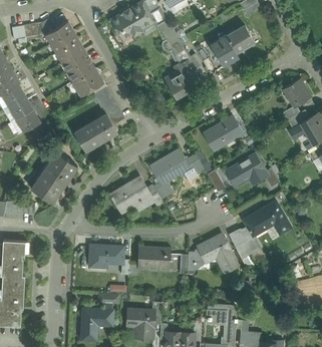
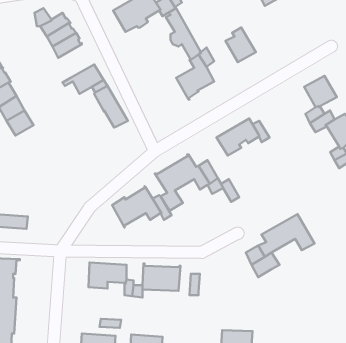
building: [226,25,254,52] -> none
building: [62,50,94,80] -> none
building: [75,114,116,150] -> none
building: [31,152,77,204] -> none
building: [226,153,268,185] -> none
building: [195,234,238,273] -> none

